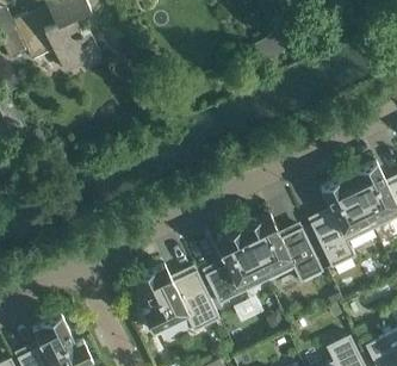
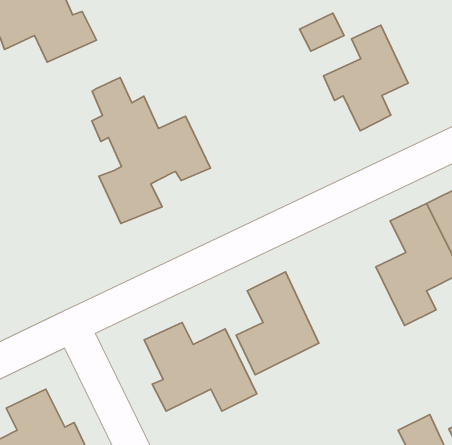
building: none -> [324,25,408,131]
building: none -> [92,77,210,224]
building: [242,213,323,283] -> none

